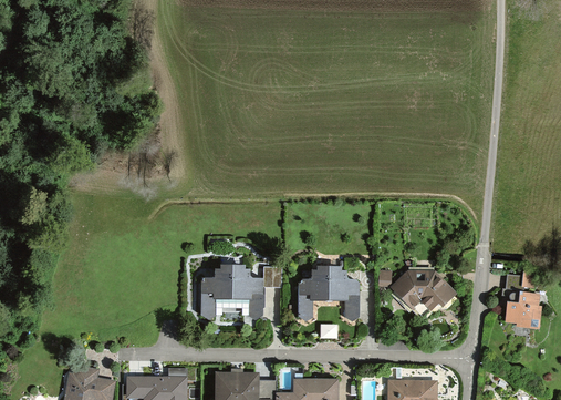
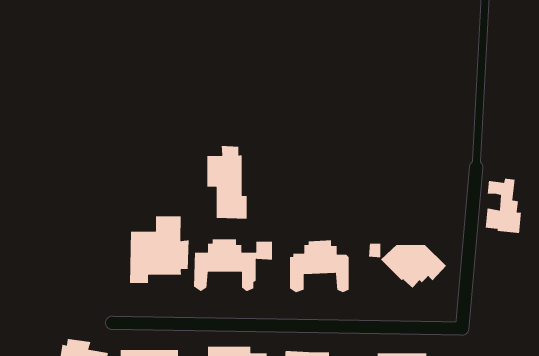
building: none -> [207,145,247,219]
building: none -> [129,216,189,284]
building: [503,271,541,328] -> [485,178,522,234]

